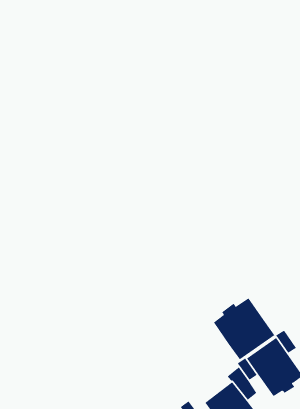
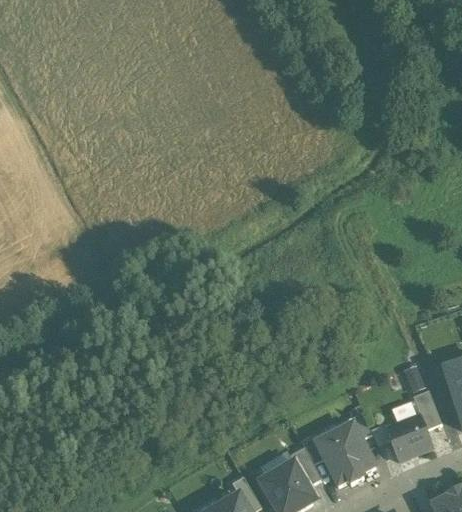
building: [213,297,275,360] -> none

